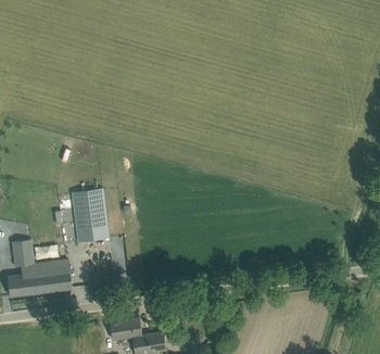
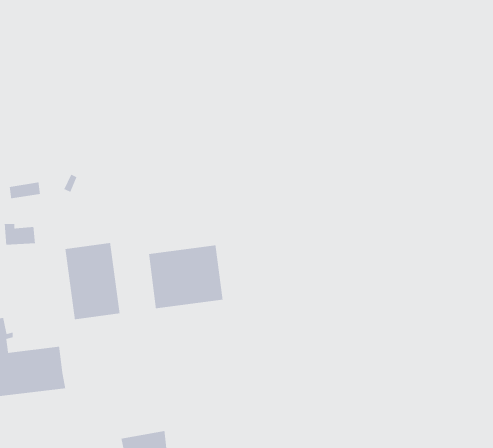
building: none -> [148,245,223,309]

